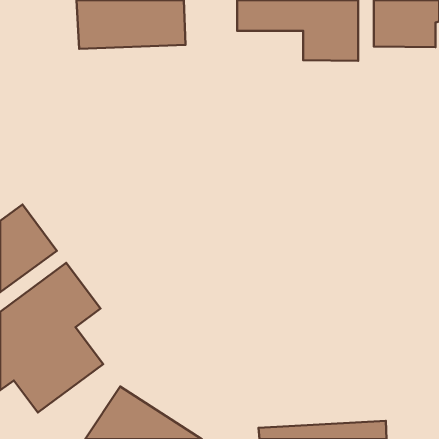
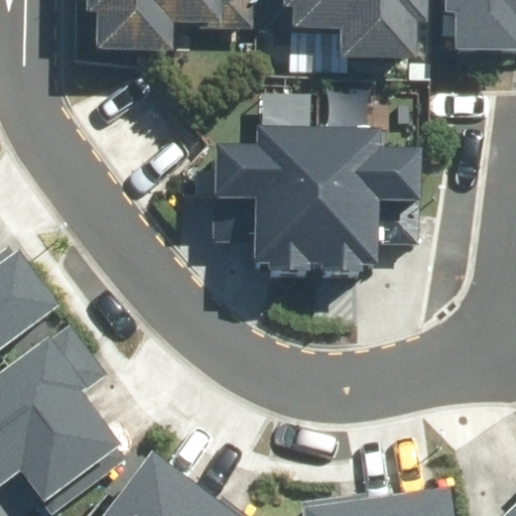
building: none -> [204,100,402,303]

